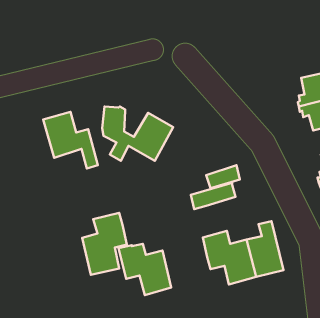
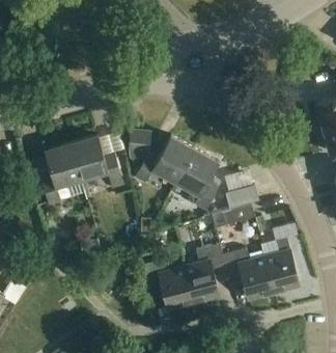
building: none -> [41,142,82,203]
building: none -> [177,150,221,209]
building: [82,213,127,275] -> [185,243,227,302]

